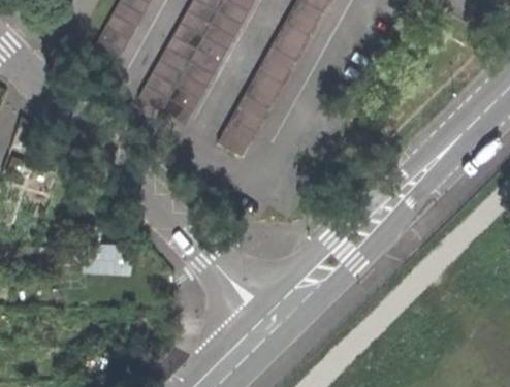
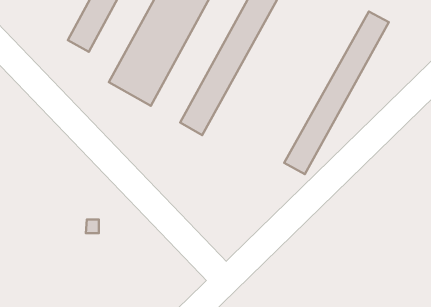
building: none -> [284,11,389,174]

